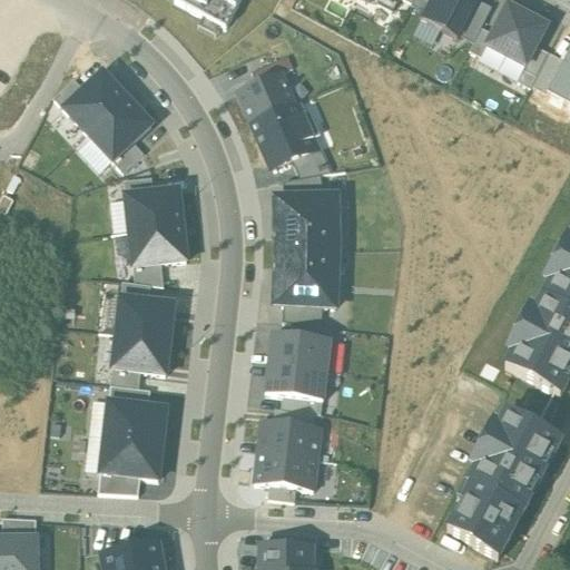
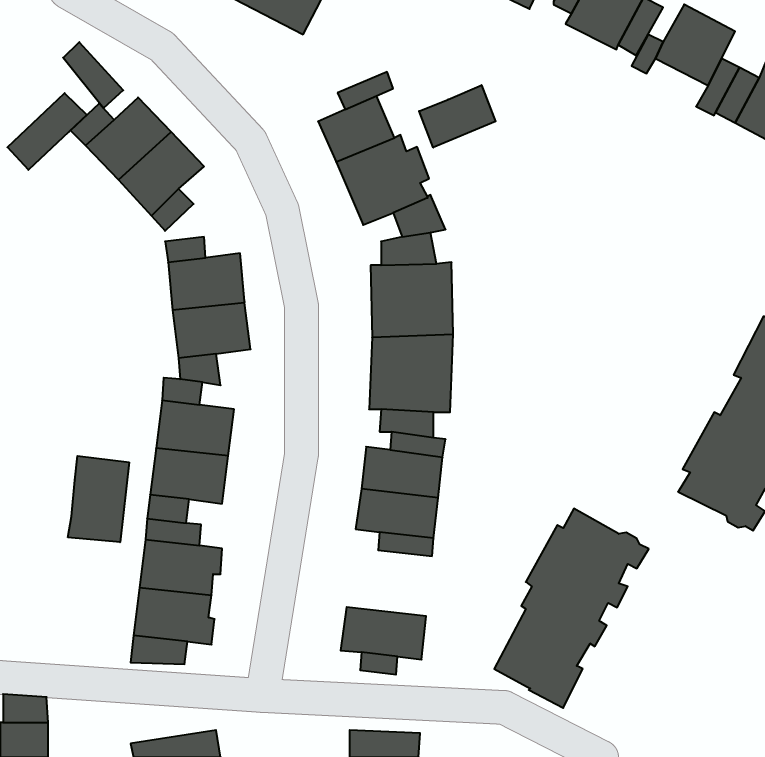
building: none -> [63,42,123,108]
building: none -> [419,85,496,148]
building: none -> [7,93,87,170]
building: none -> [68,456,129,542]
building: [448,409,562,557] -> [494,509,649,708]
building: [258,420,321,458] -> none

